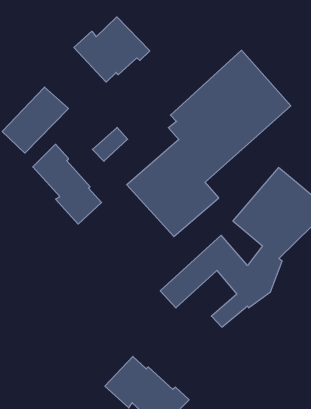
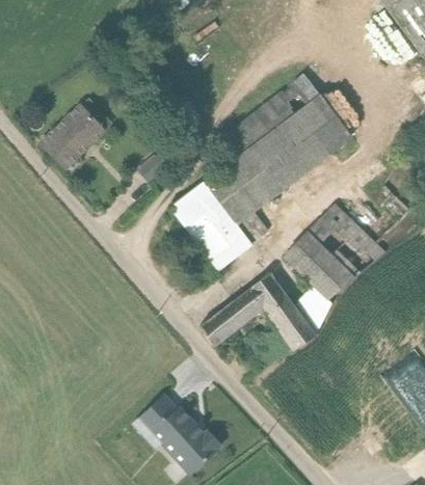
building: [74,17,150,82] -> none
building: [33,144,102,224] -> none

